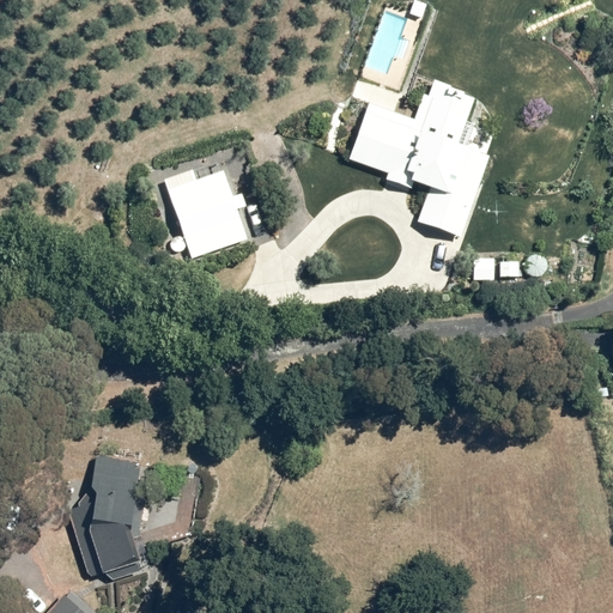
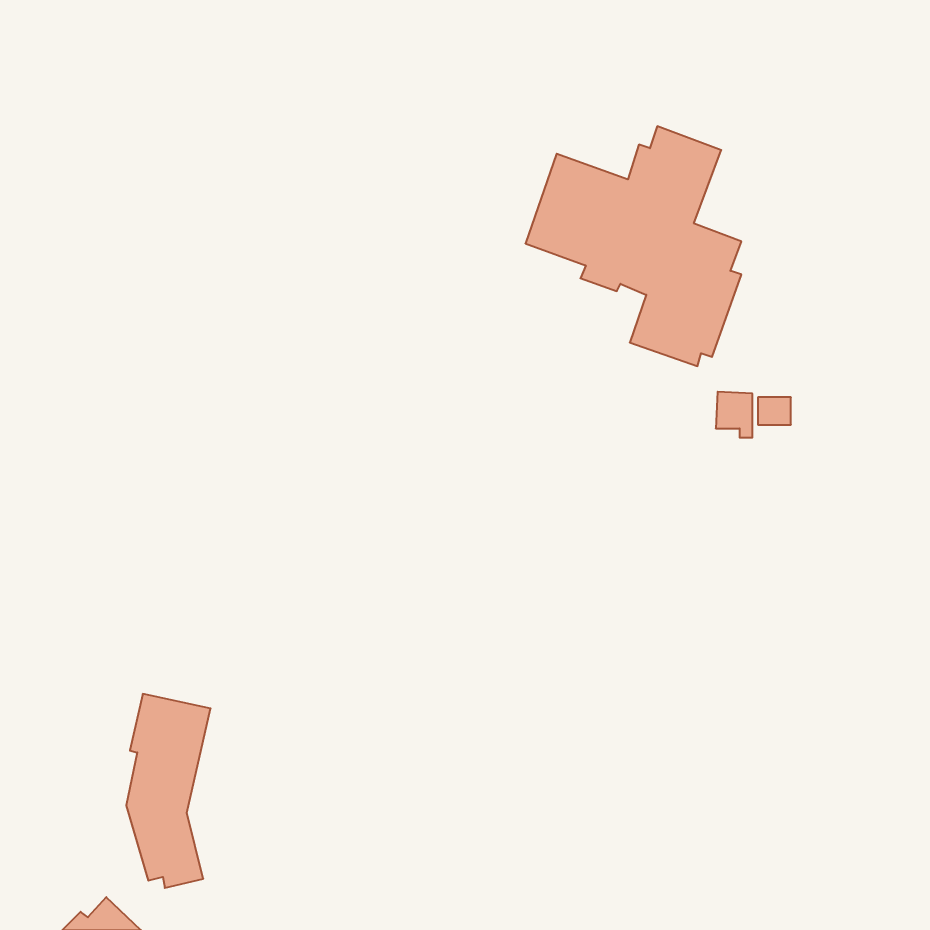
building: [163,166,249,259] -> none

